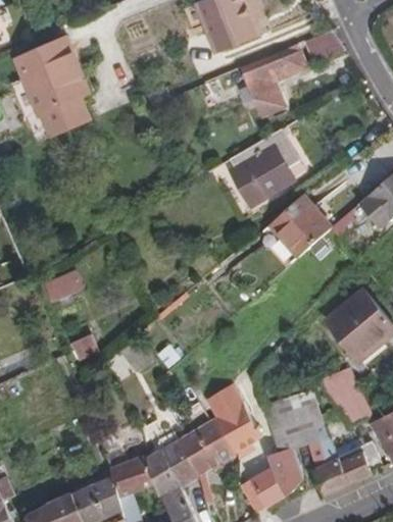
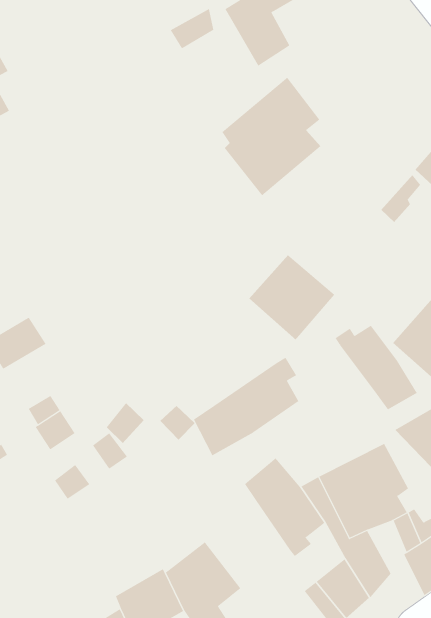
building: [268,198,329,258] -> [248,254,335,341]
building: none -> [335,325,418,410]
building: none -> [193,357,299,456]
building: [177,416,234,475] -> none

